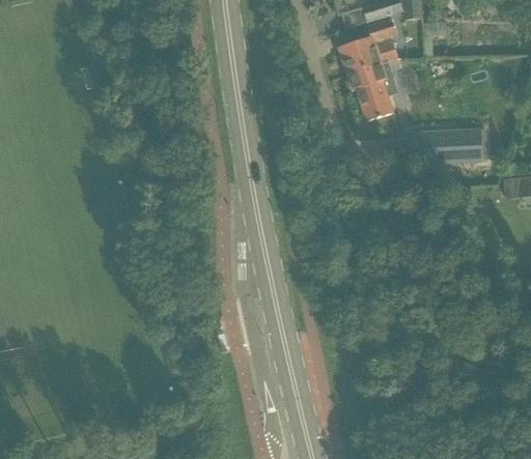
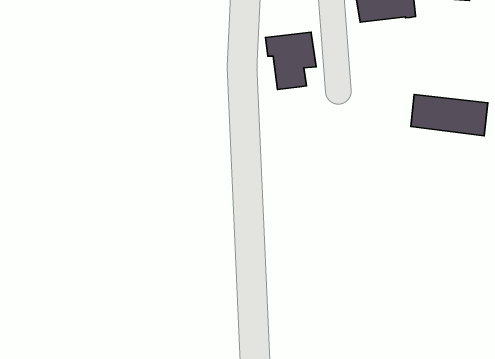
building: [346,60,399,120] -> [266,32,316,89]

